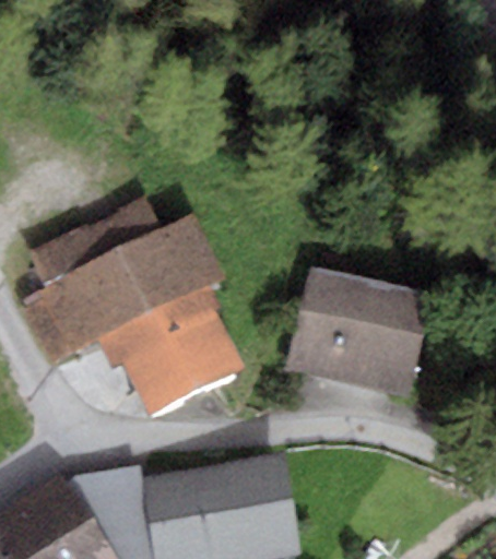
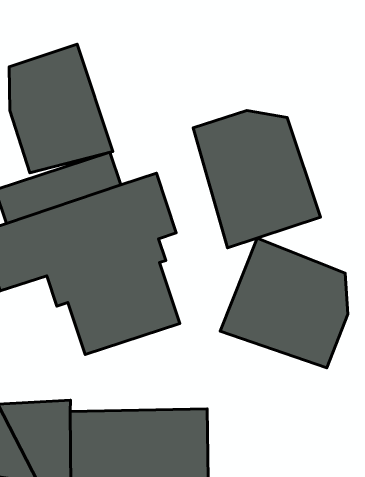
building: none -> [9,44,113,173]
building: none -> [193,110,320,248]

